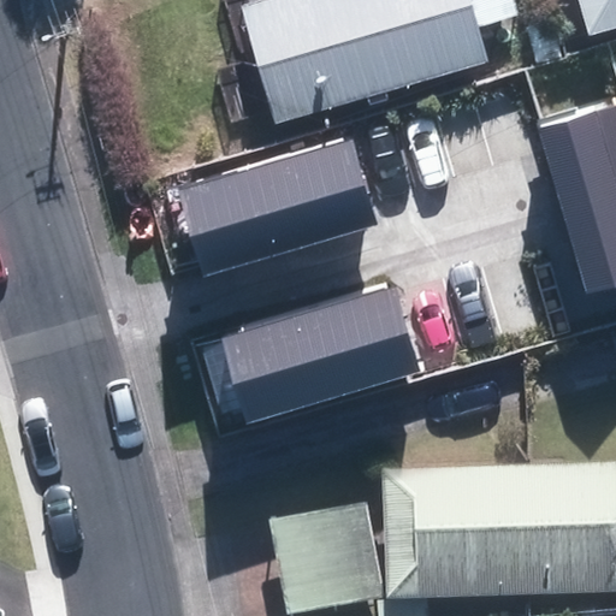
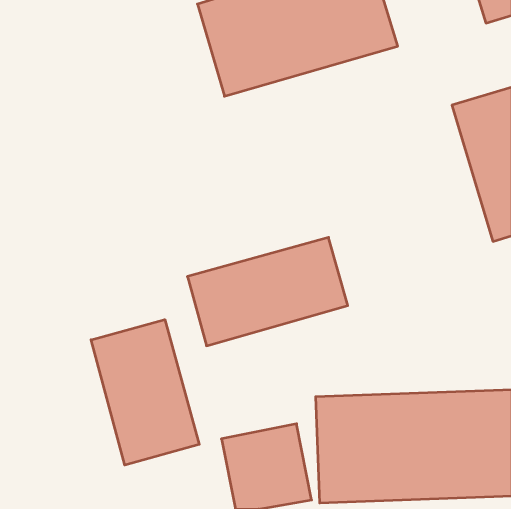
building: [185,140,378,271] -> none
building: none -> [91,320,199,465]

